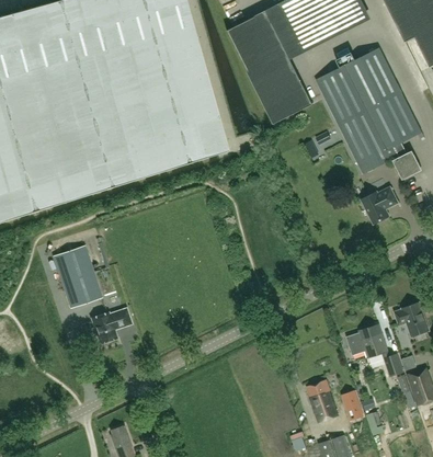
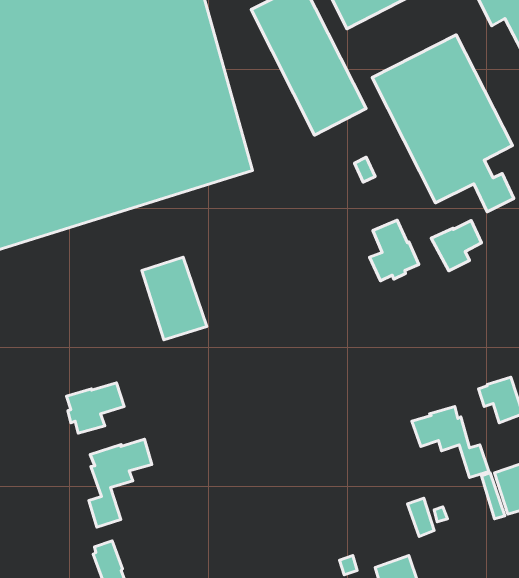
building: none -> [369,220,419,281]
building: [54,245,102,307] -> [142,257,207,340]
building: none -> [89,439,152,527]
building: [306,379,338,422] -> none

